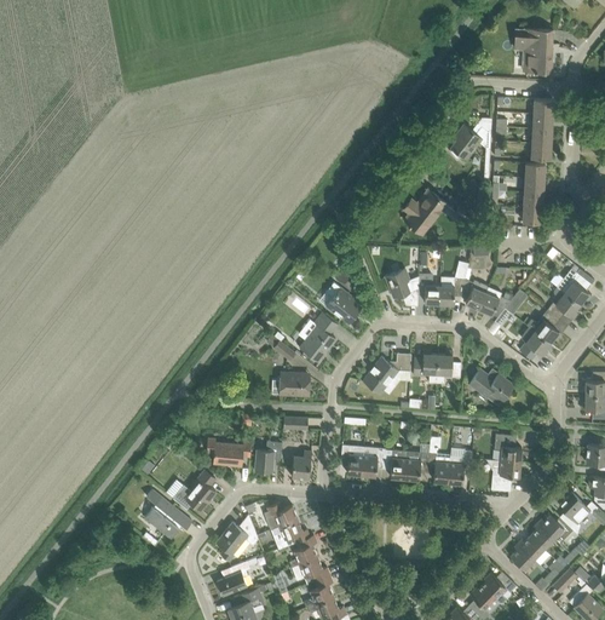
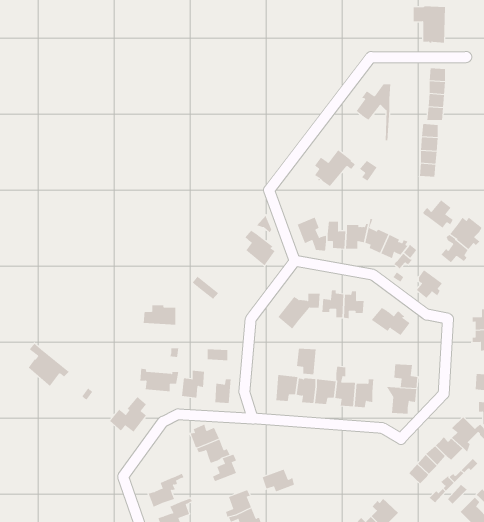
building: [525,310,561,343] -> [421,199,454,228]
building: [301,312,338,361] -> none
building: [271,373,309,396] -> [143,305,176,325]
building: [340,444,363,475] -> [296,348,316,375]
building: [145,489,192,539] -> [28,343,70,387]
building: [217,515,258,561] -> none
building: [292,557,329,584] -> [262,469,295,492]
building: [482,572,517,604] -> none

